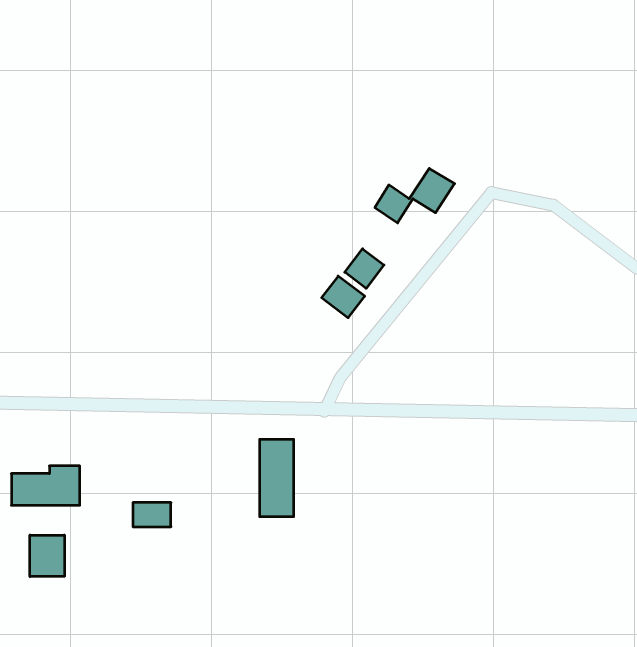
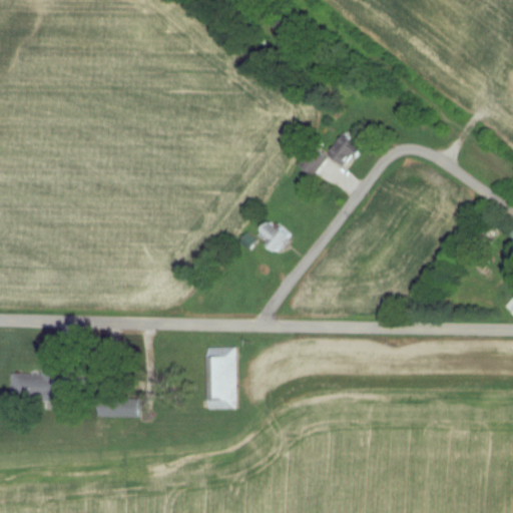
building: [345,249,384,288] -> none
building: [30,535,64,577] -> none

